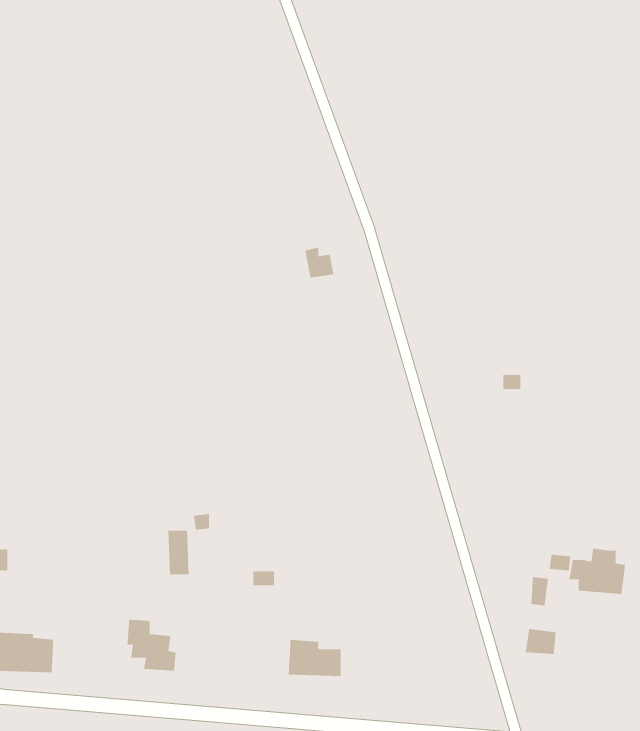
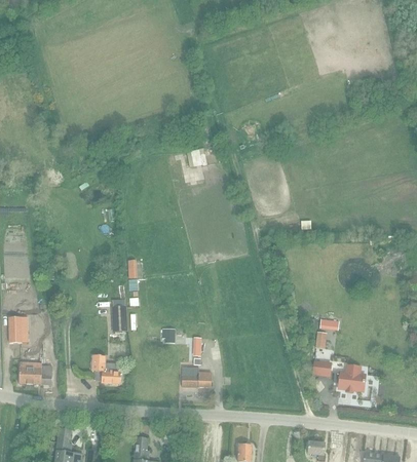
building: [568,548,626,595] -> [334,364,366,390]

